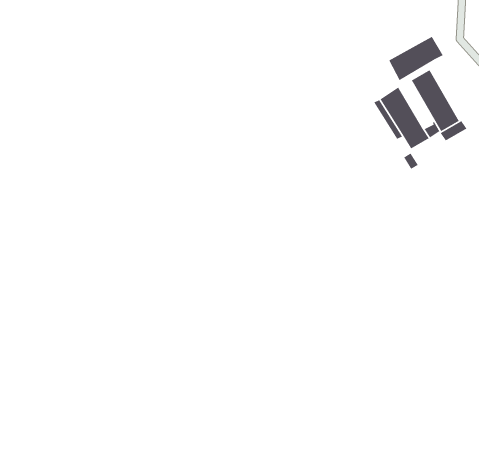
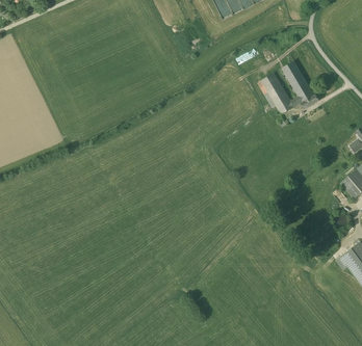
building: [388,36,444,81] -> none

